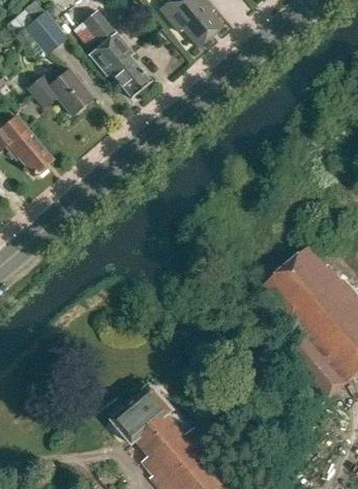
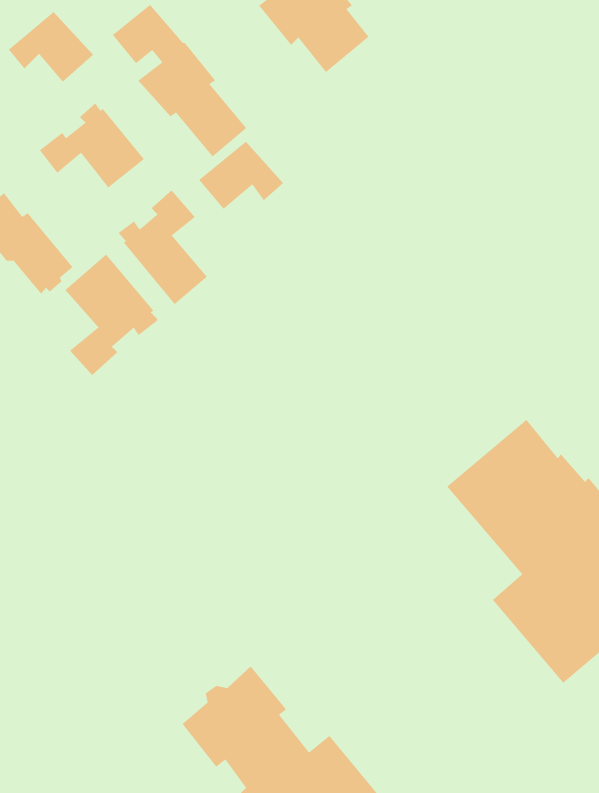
building: none -> [198,141,284,210]
building: none -> [118,189,208,305]
building: none -> [64,254,159,376]

